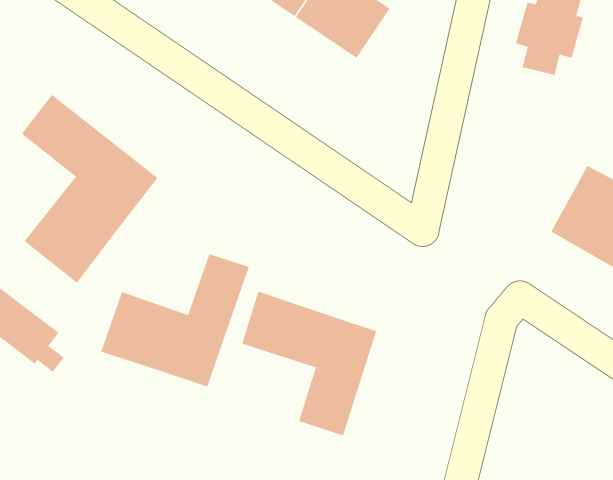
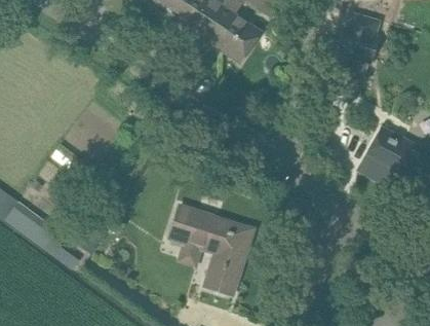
building: [21,94,158,284] -> none
building: [100,253,250,388] -> none

